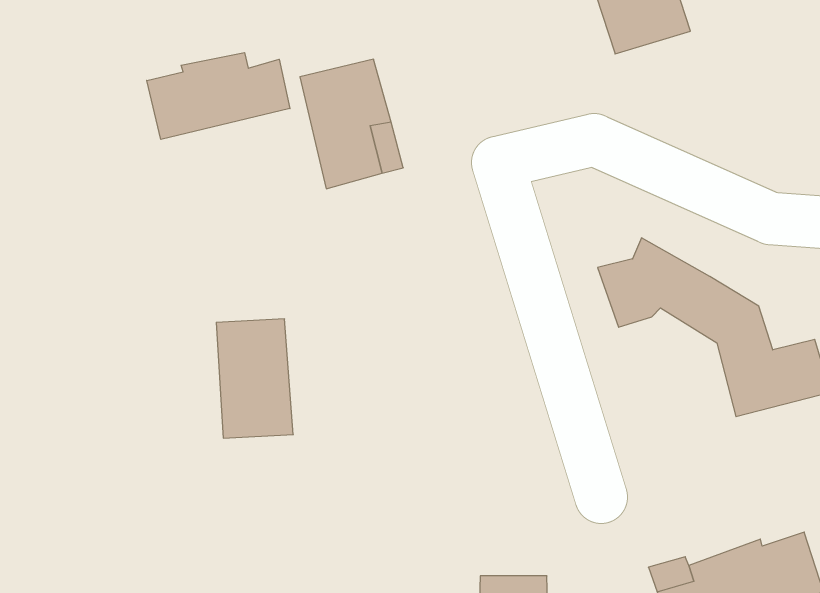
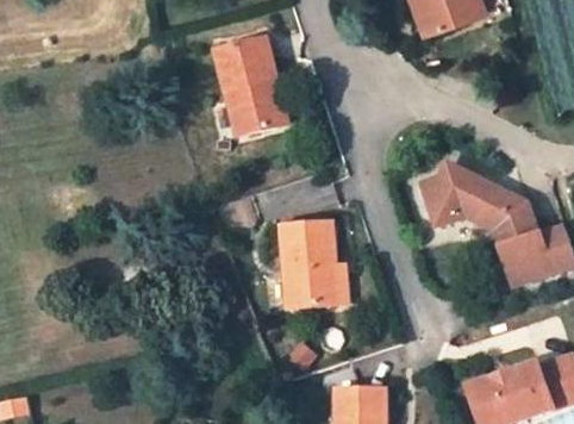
building: [147,53,290,139] -> none
building: [216,319,293,438] -> [277,226,330,307]

